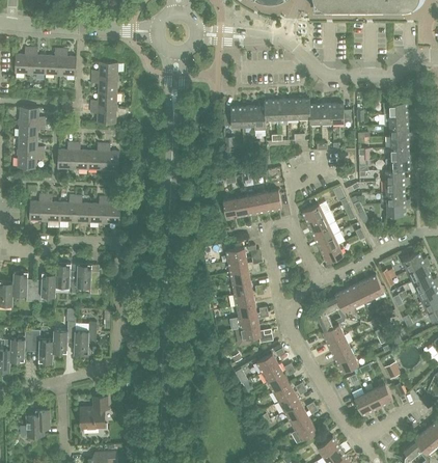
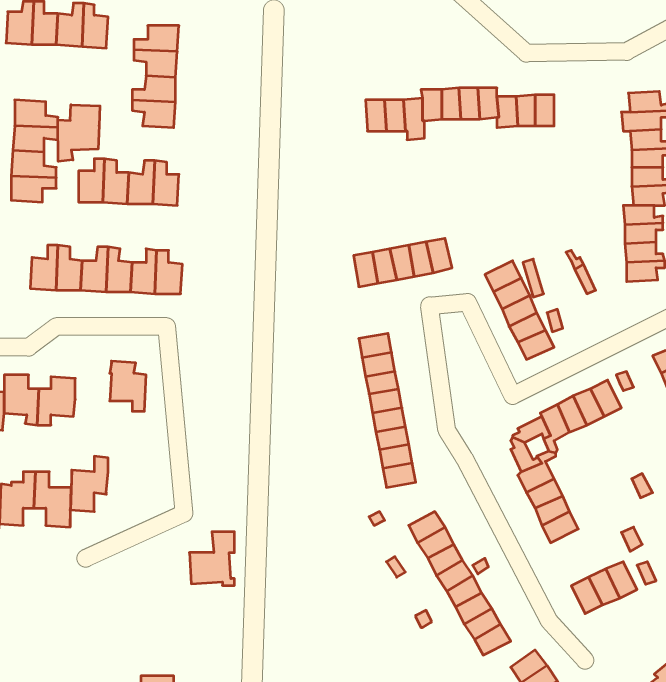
building: none -> [58,105,100,161]
building: [55,263,77,294] -> none
building: [73,322,95,354] -> none
building: [79,397,106,429] -> [189,532,234,585]
building: [26,410,48,436] -> none

